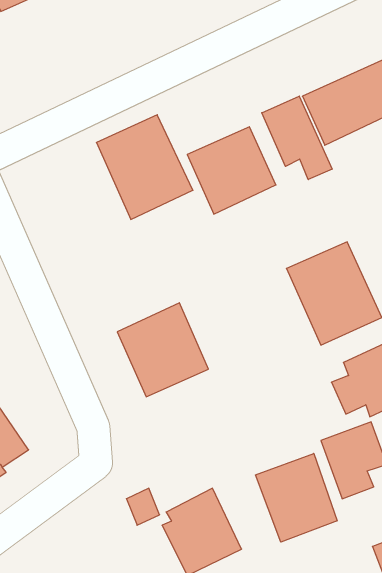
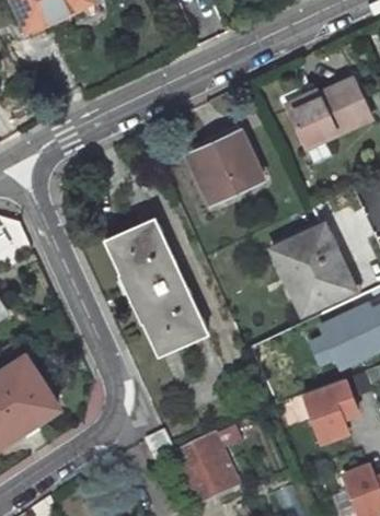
building: [262,96,332,180] -> none
building: [96,115,193,219] -> [103,215,183,302]
building: [255,453,337,542] -> none

